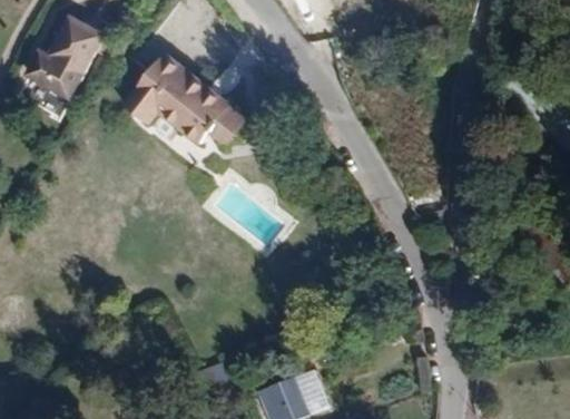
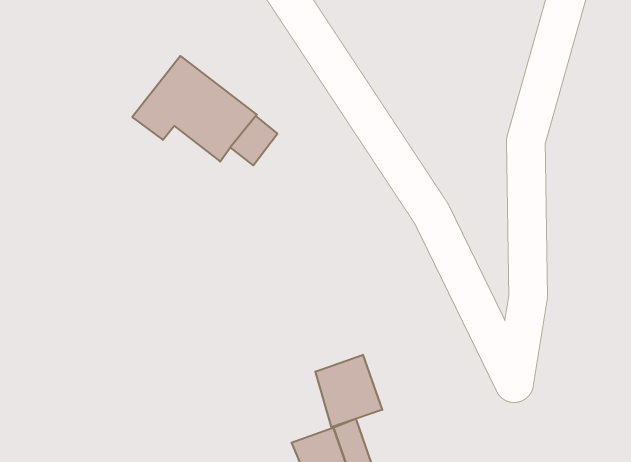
building: [12,9,106,116] -> none
building: none -> [315,355,382,427]

